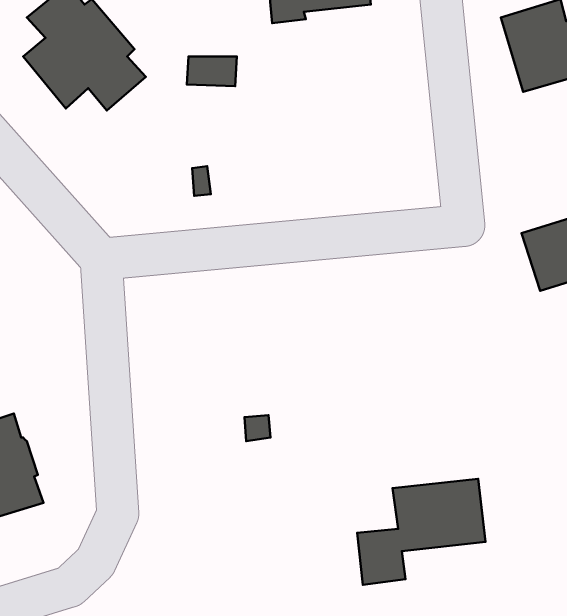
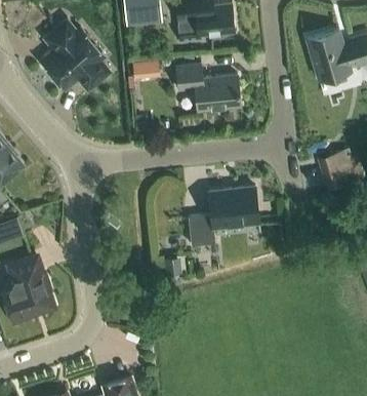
building: none -> [175,64,240,111]
building: [357,479,486,585] -> [188,187,258,245]

